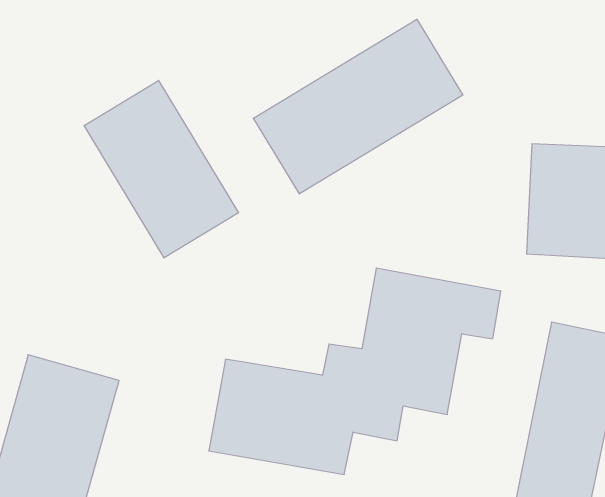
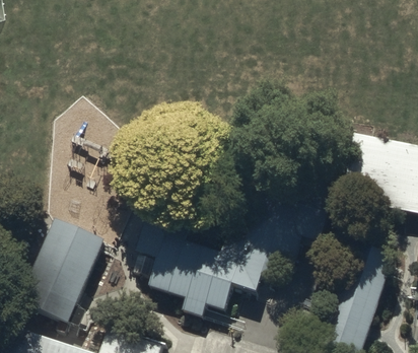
building: [253,19,463,194] -> none
building: [84,80,239,258] -> none

